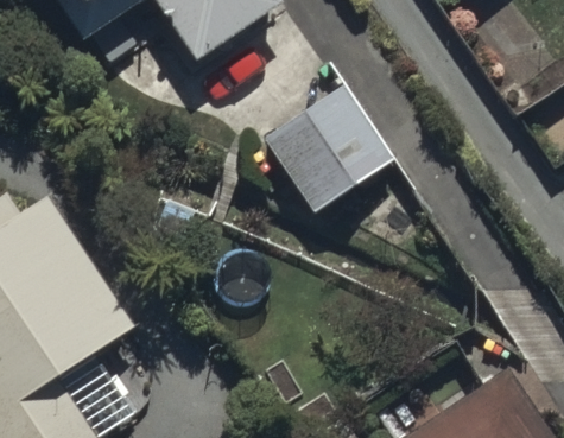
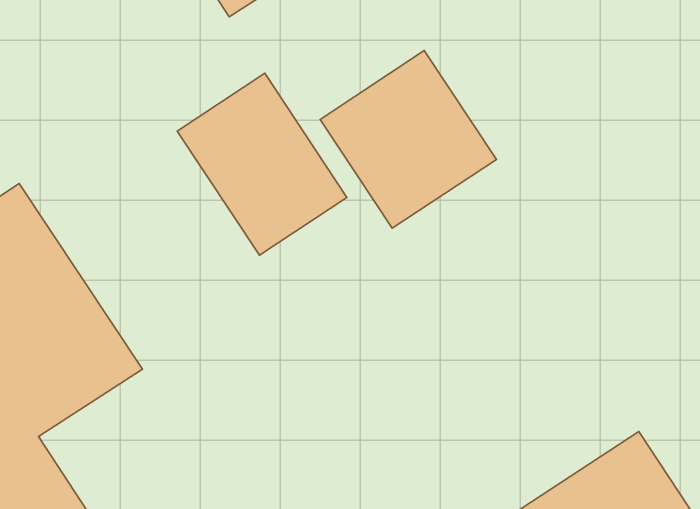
building: none -> [177,73,347,255]

